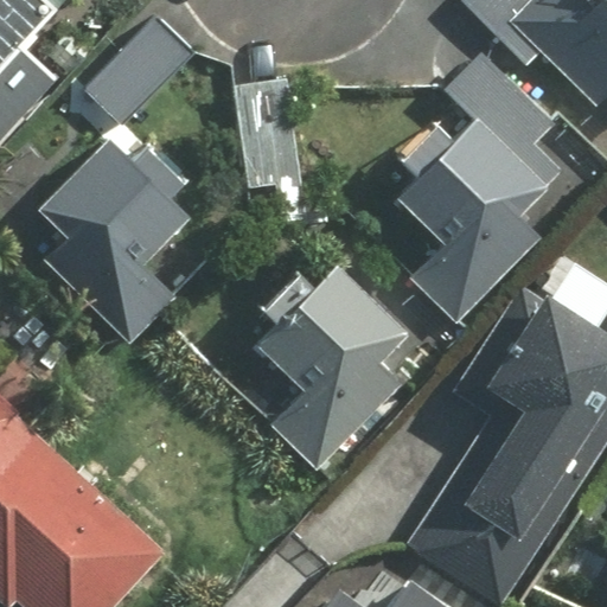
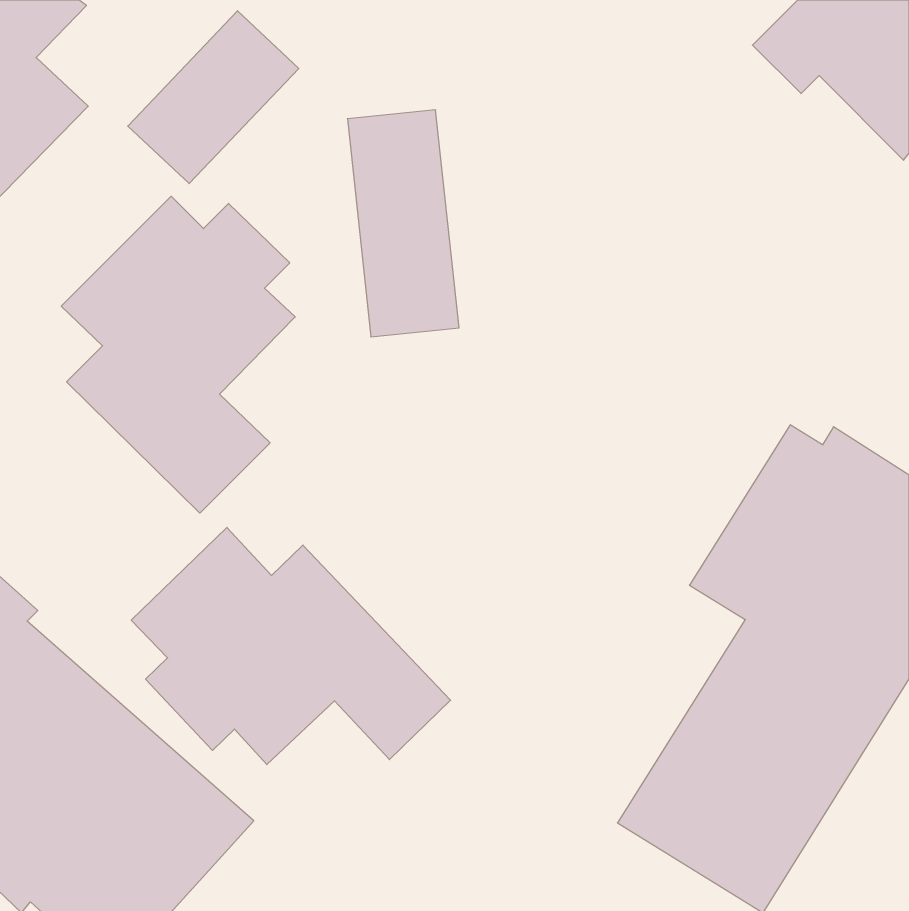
building: [395,113,551,325] -> none
building: [257,260,414,472] -> none
building: none -> [131,527,451,765]

